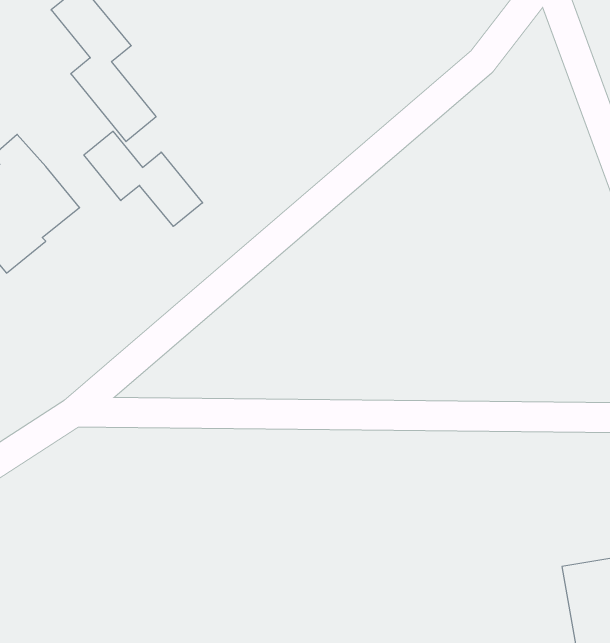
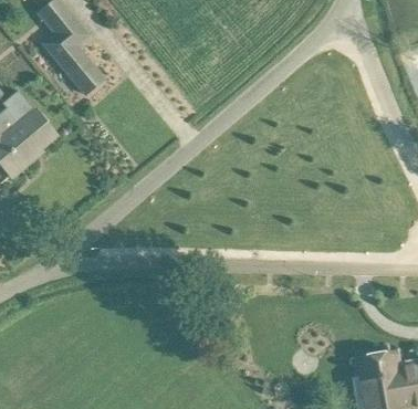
building: [84,131,203,226] -> none

